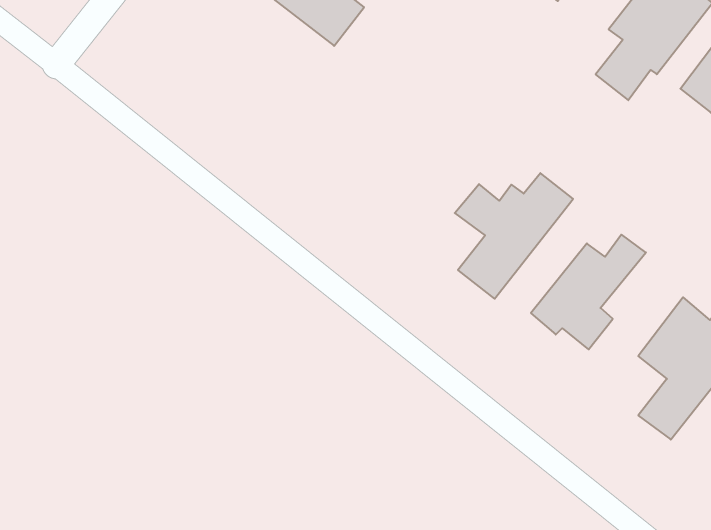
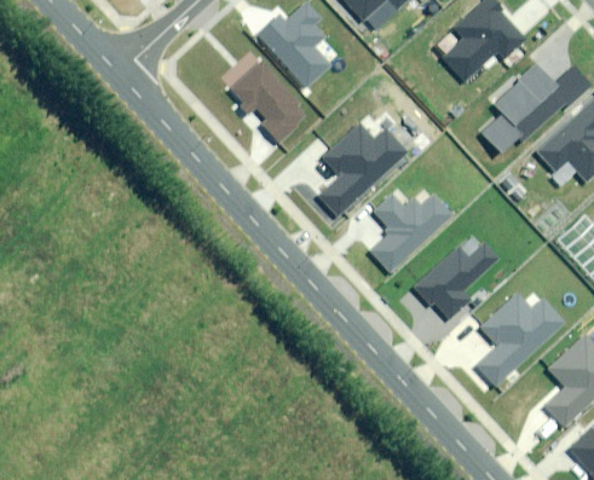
building: none -> [229,59,311,143]
building: none -> [319,123,406,215]

